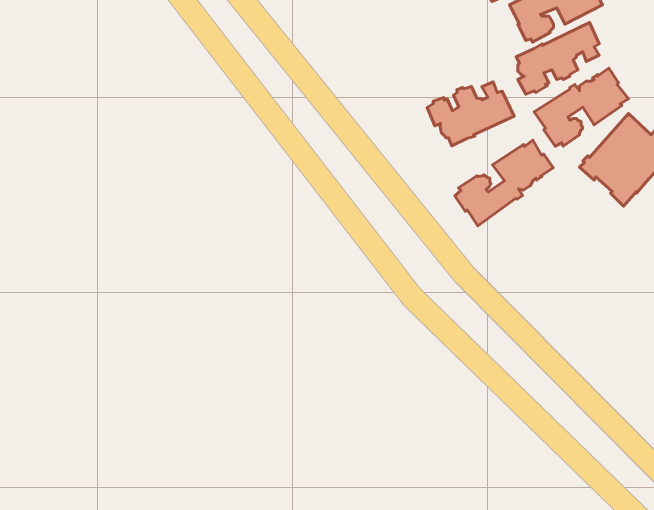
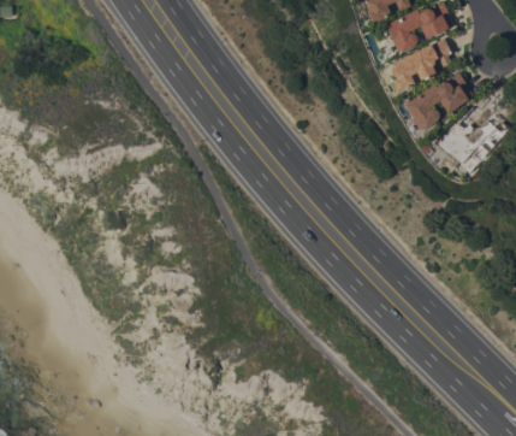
building: [427,82,514,146] -> none
building: [455,140,553,226] -> none

